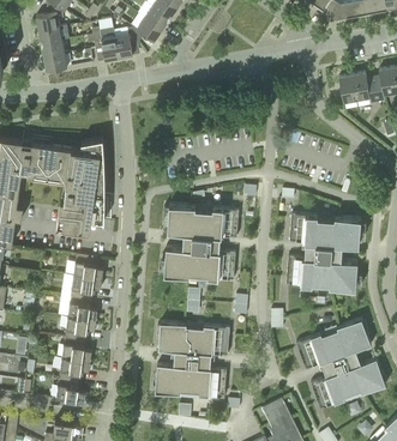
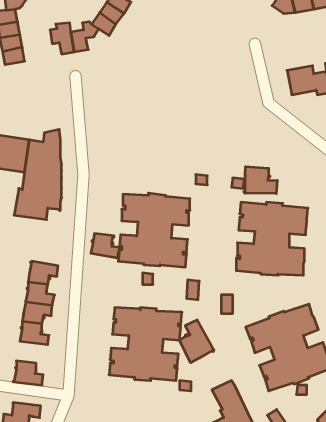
building: none -> [244,167,277,194]
building: [73,254,103,279] -> [91,234,120,258]
building: none -> [180,320,214,363]
building: [58,357,90,380] -> none

